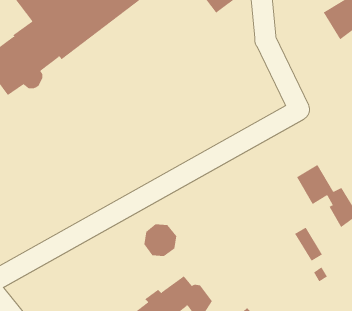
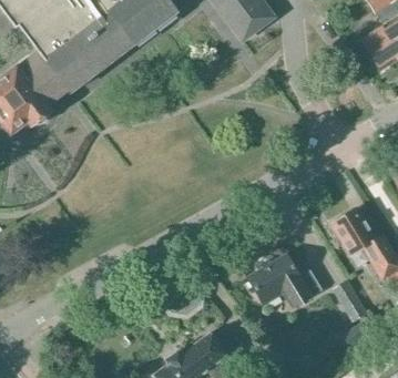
building: none -> [251,255,318,303]

